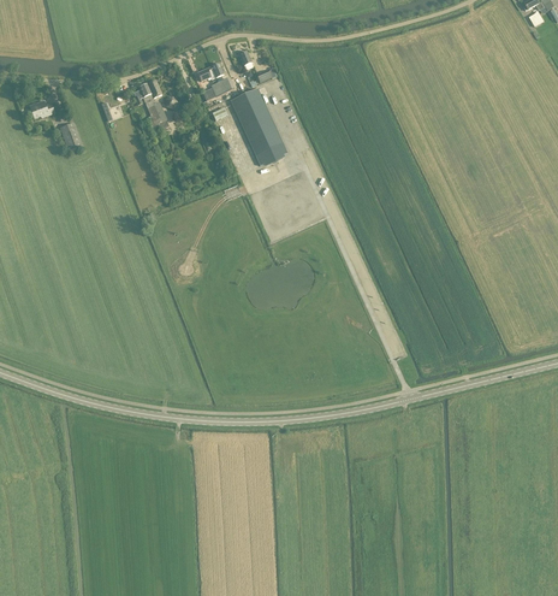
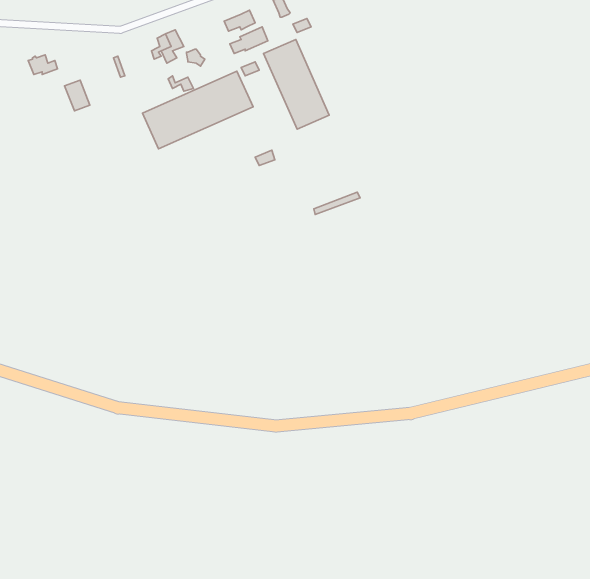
building: none -> [142,71,253,149]

